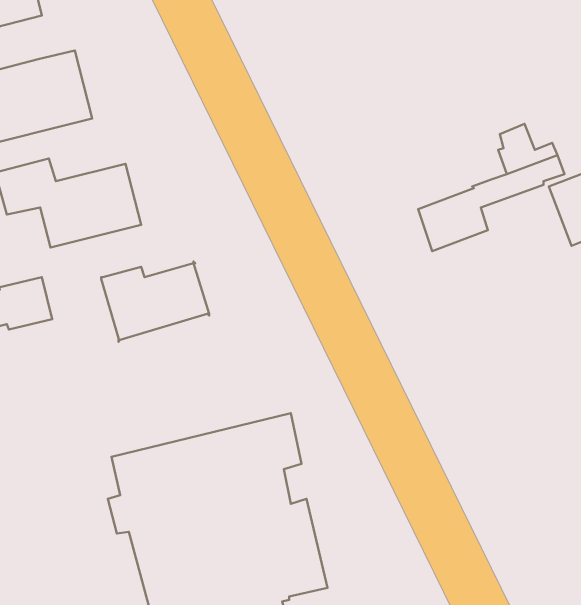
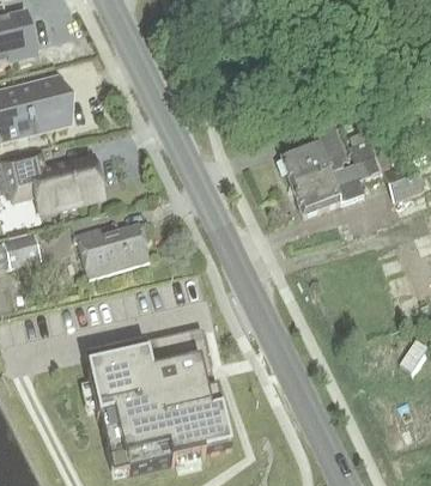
building: none -> [283,123,347,186]

